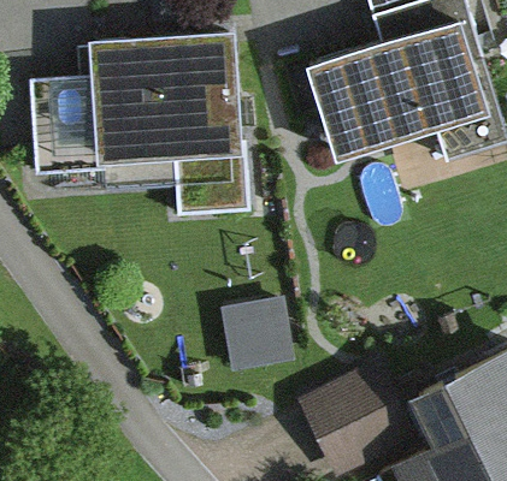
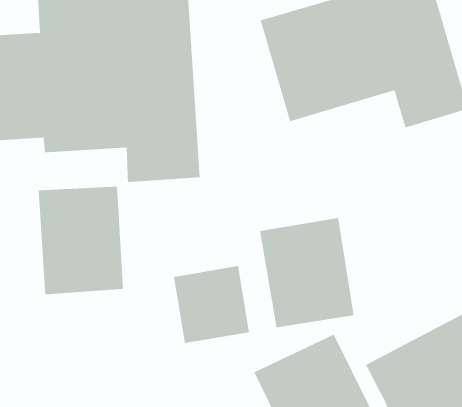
building: none -> [38,186,124,295]
building: none -> [260,217,354,328]

